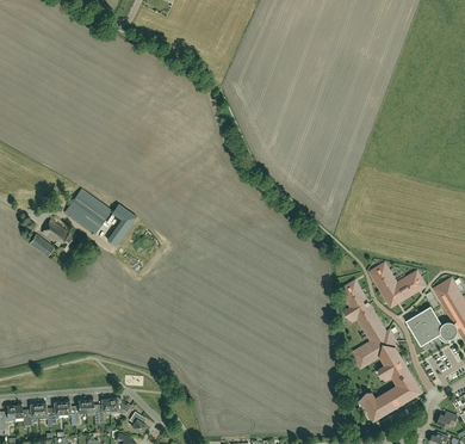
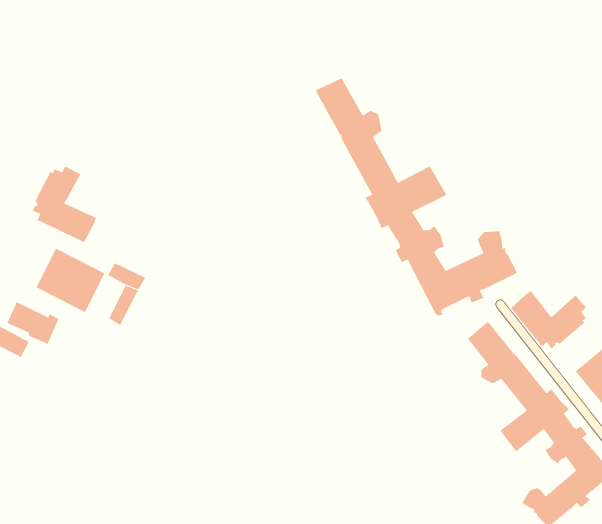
building: none -> [315,78,518,317]
building: none -> [32,166,97,243]

